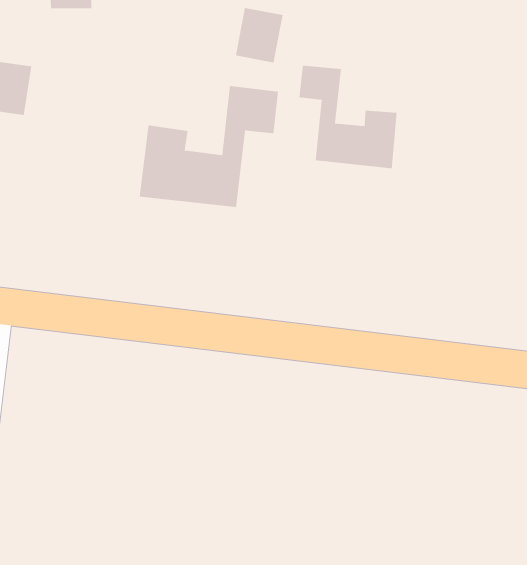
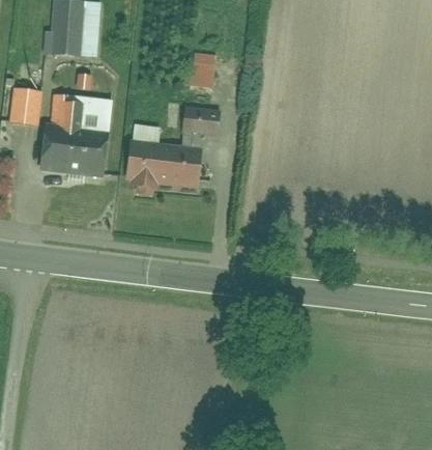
building: [299,65,397,169] -> none
building: none -> [38,100,106,176]

